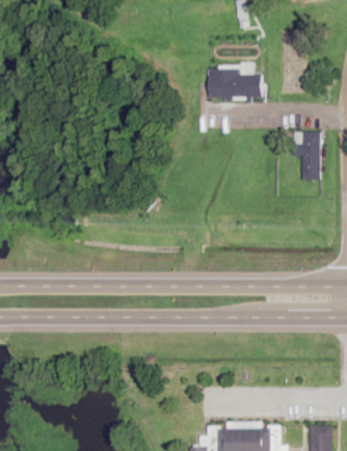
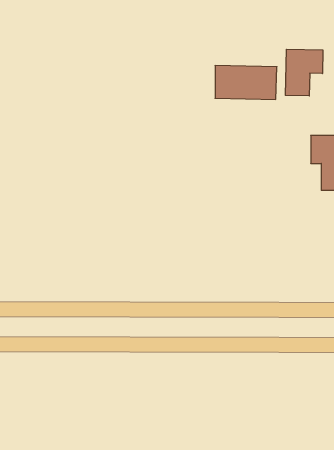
building: none -> [285,49,323,96]

